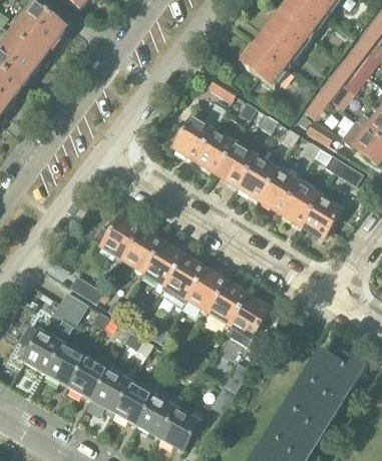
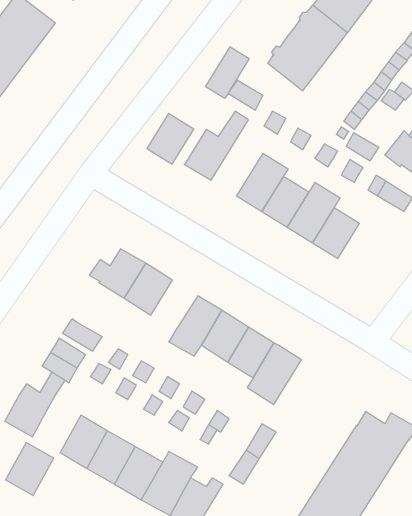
building: none -> [206,47,249,98]
building: [195,130,234,172] -> [147,113,194,164]
building: [300,195,341,239] -> none
building: [144,243,183,284] -> none
building: [46,342,86,386] -> [5,443,54,496]

